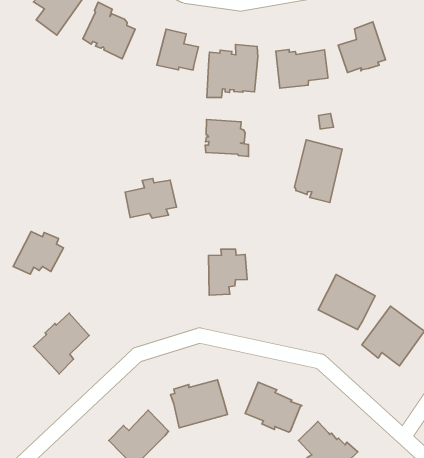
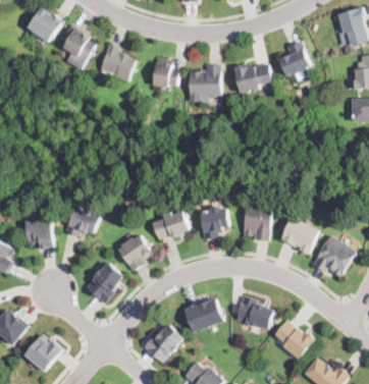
building: [205,119,248,156] -> none
building: [295,140,342,202] -> [242,199,272,240]
building: [125,178,177,218] -> [151,211,188,239]
building: none -> [116,234,152,272]

